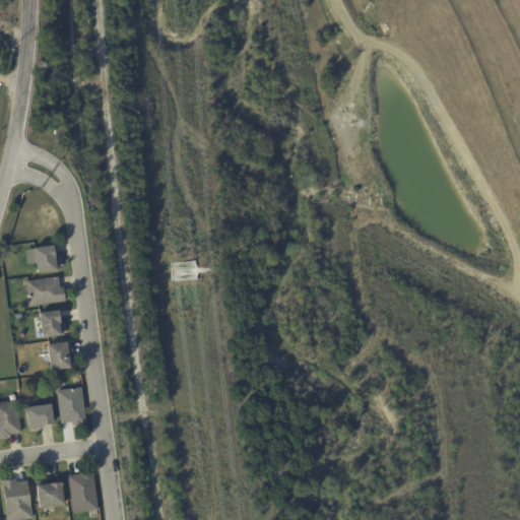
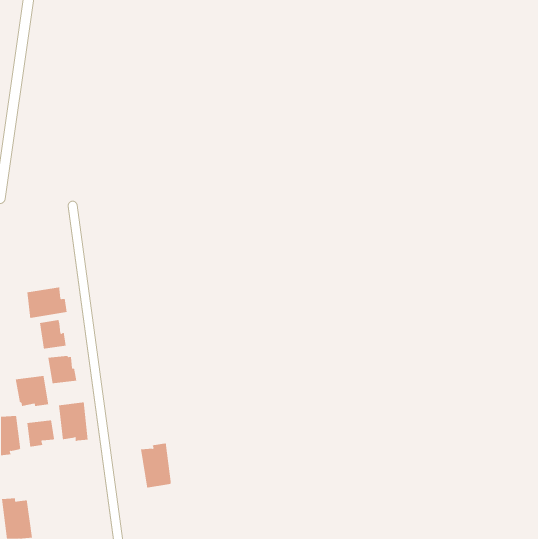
building: [26,245,61,272] -> none
building: none -> [15,375,49,407]
building: [68,469,99,513] -> [140,443,172,488]
building: [36,481,64,508] -> none

